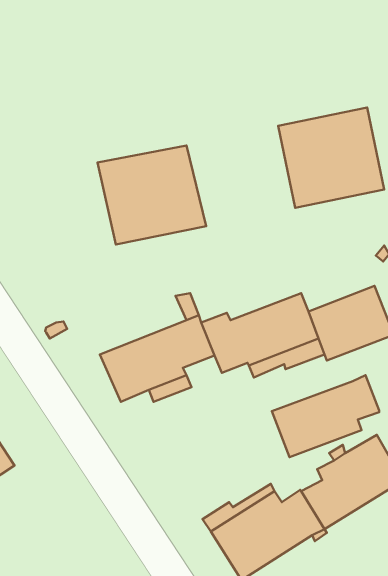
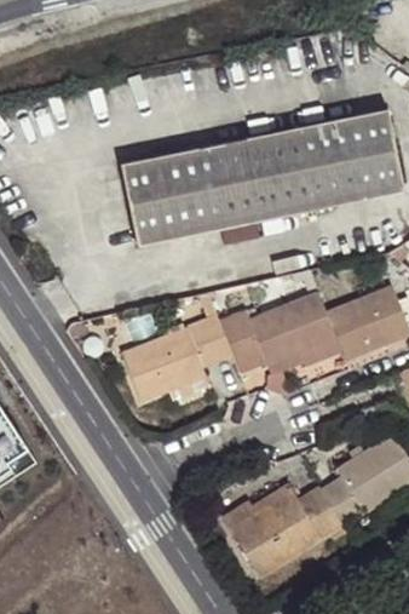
building: none -> [206,127,313,226]
building: [272,375,379,457] -> none

